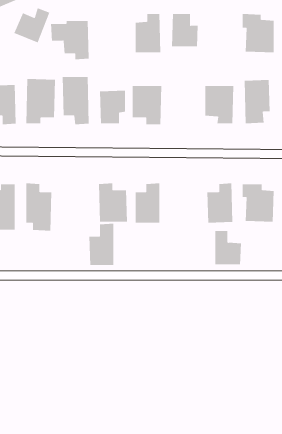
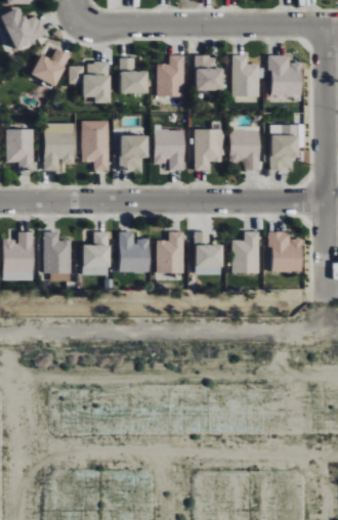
building: none -> [231,55,260,96]
building: none -> [120,58,147,93]
building: none -> [195,130,223,171]
building: [89,223,114,266] -> [82,231,109,275]
building: [214,231,242,265] -> [195,231,223,267]

